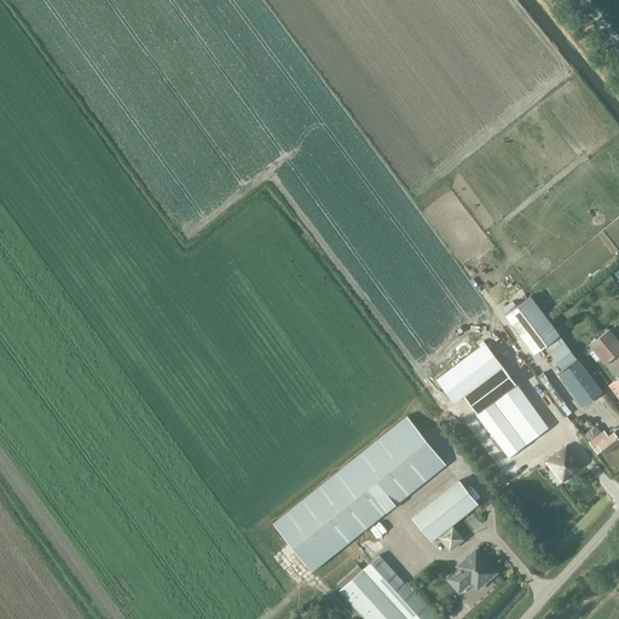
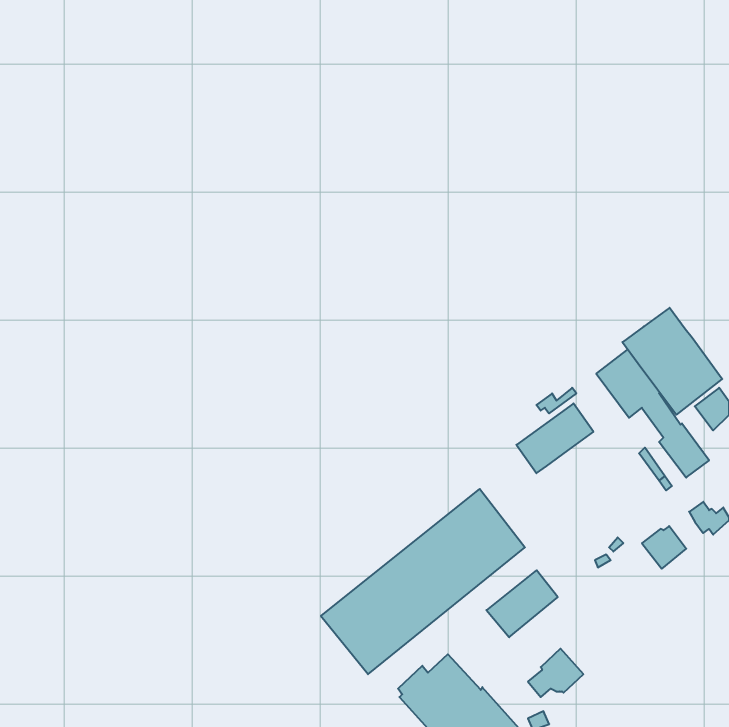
building: [463,368,548,458] -> [622,308,722,415]

